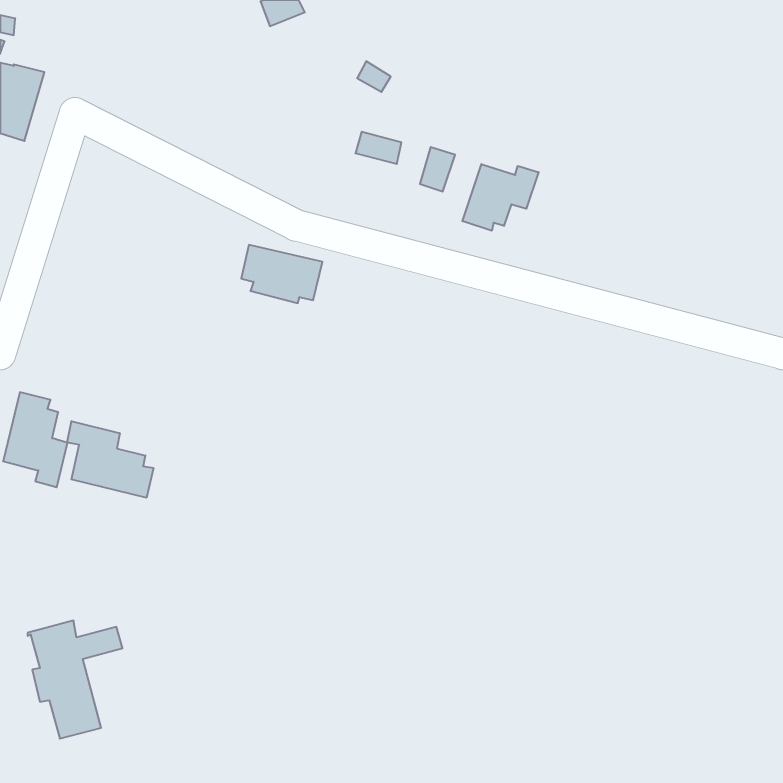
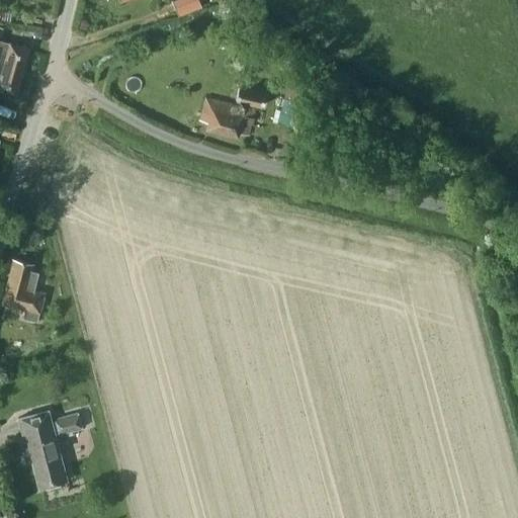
building: [462,164,539,231] -> none
building: [241,245,322,303] -> [200,98,254,137]
building: [67,421,153,498] -> none

